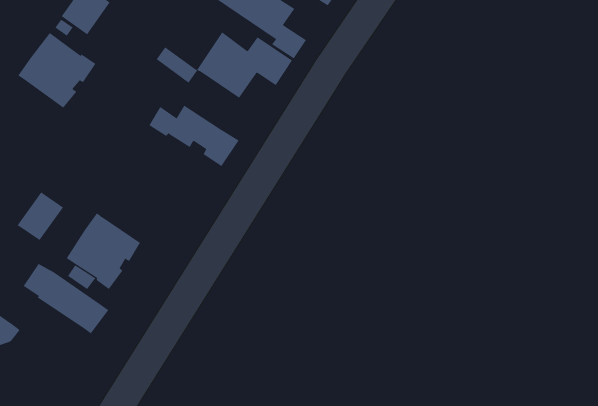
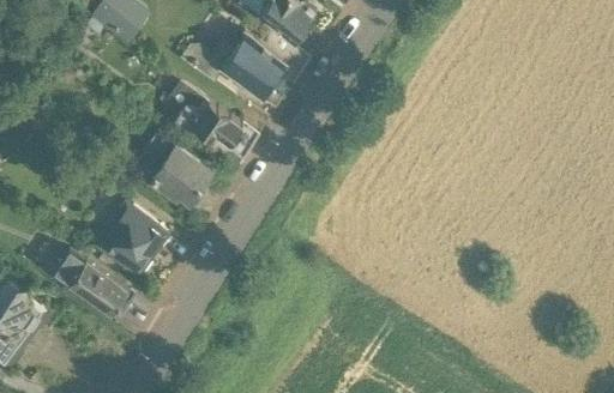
building: [18,32,96,109] -> none
building: none -> [149,145,210,206]
building: [17,191,64,241] -> none

